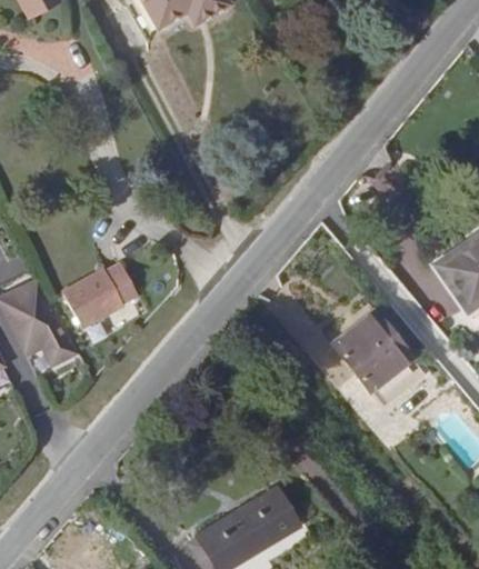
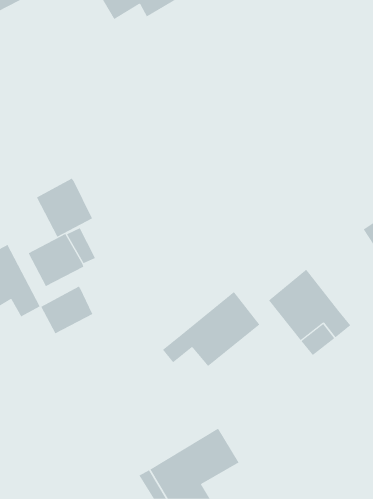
building: none -> [36,178,93,238]
building: none -> [41,286,93,334]
building: none -> [162,291,260,367]

